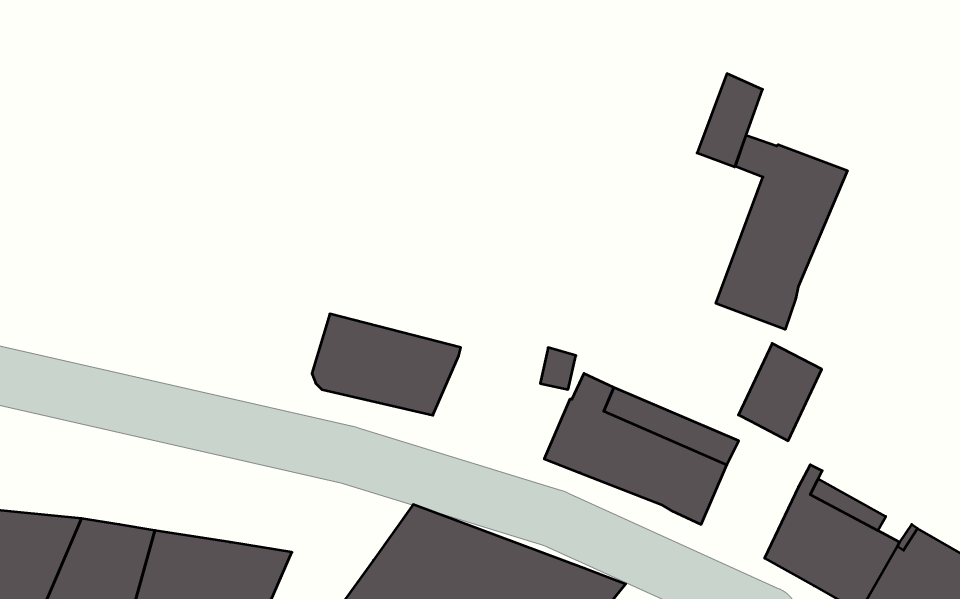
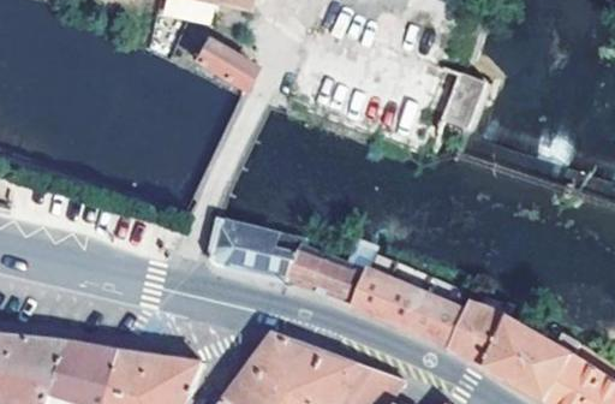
building: none -> [193,41,250,87]
building: [716,135,847,329] -> none
building: [738,343,822,441] -> [458,309,508,368]
building: none -> [287,245,370,308]

